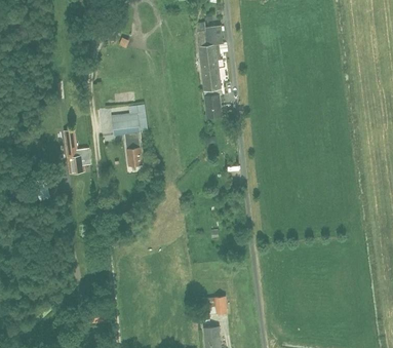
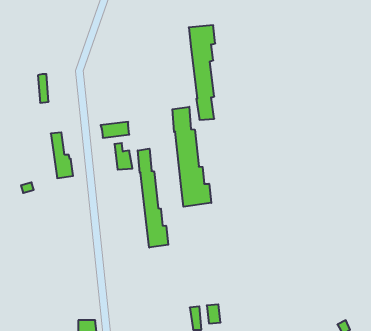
building: none -> [172,107,211,207]
building: none -> [138,149,168,248]

